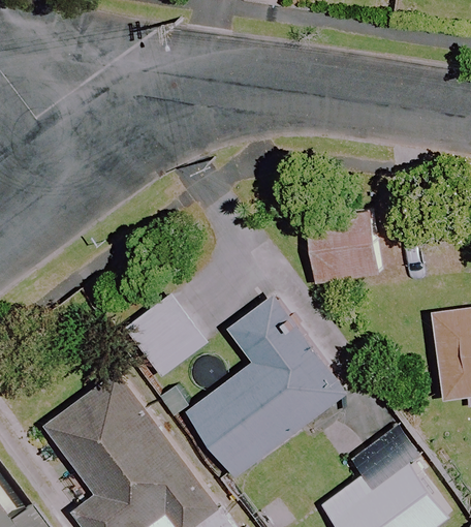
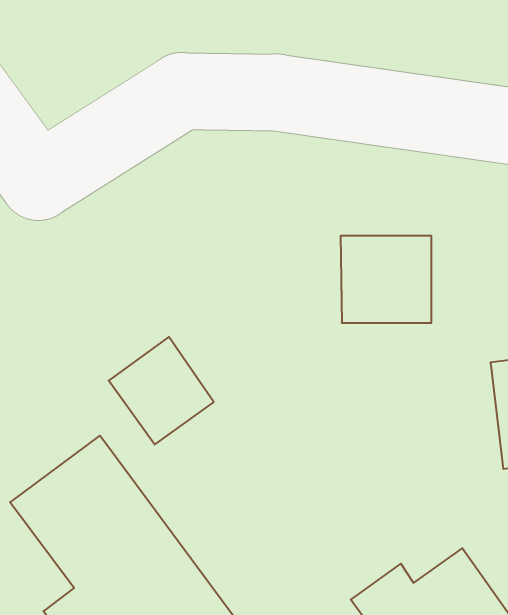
building: [187,293,347,477] -> none

